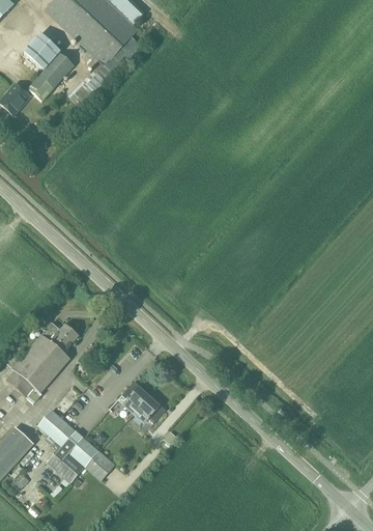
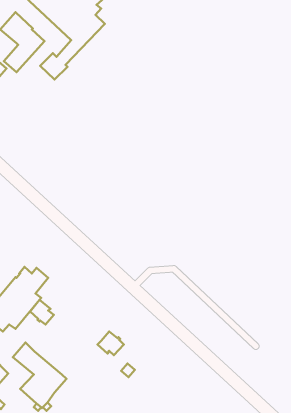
building: none -> [30,300,54,325]
building: [121,382,147,411] -> none
building: [85,450,115,480] -> none

